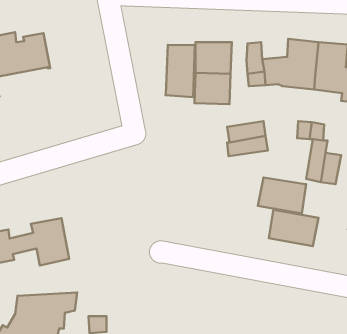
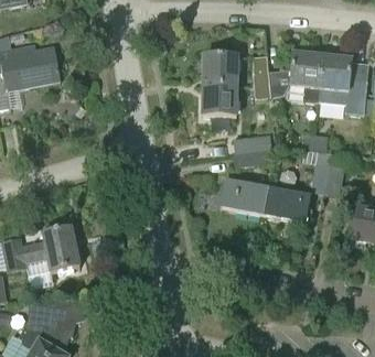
building: [165,45,195,97] -> none
building: [269,209,319,246] -> [219,177,268,214]

